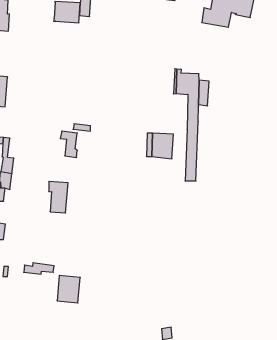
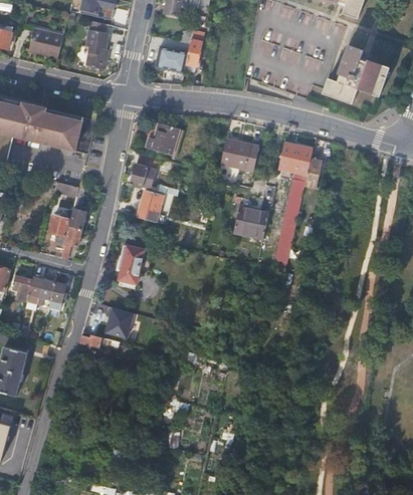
building: none -> [145,120,178,153]
building: none -> [221,139,256,169]
building: none -> [130,155,156,188]
building: [57,275,80,303] -> [104,305,134,339]

